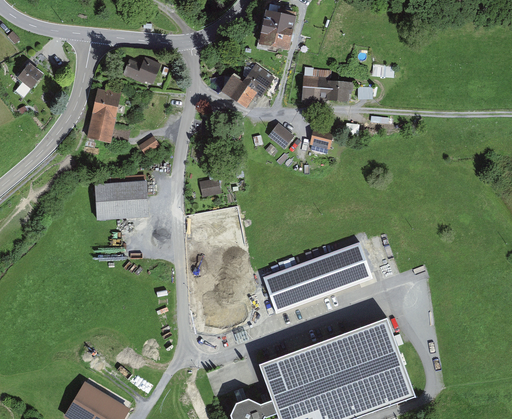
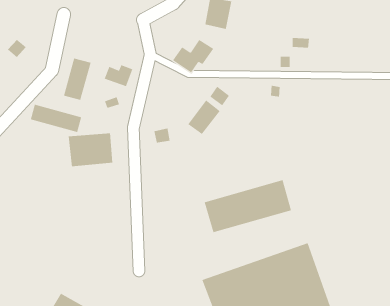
building: [123,59,159,87] -> [104,64,133,87]
building: [301,69,350,104] -> none
building: none -> [187,99,221,135]
building: none -> [30,104,82,133]

